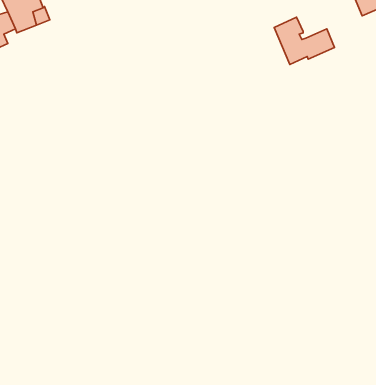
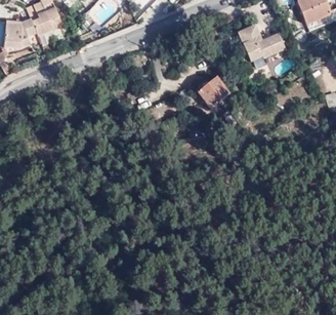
building: none -> [199,76,229,107]

